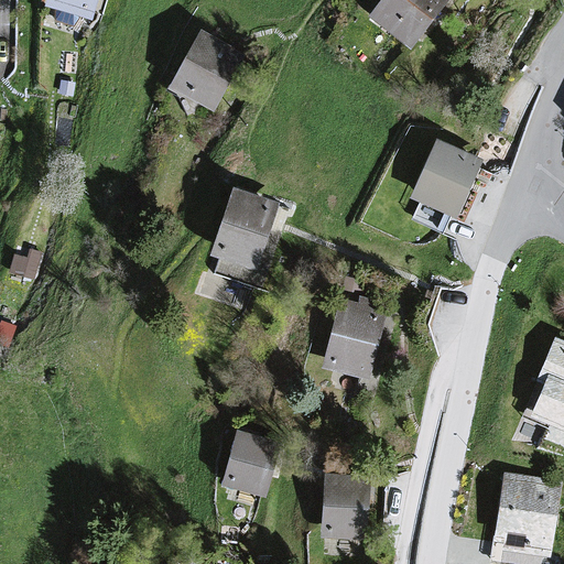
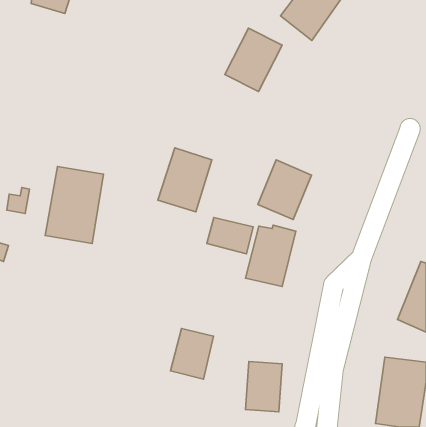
building: [170,31,245,113] -> [225,28,282,91]
building: [412,140,482,218] -> [258,160,312,220]
building: none -> [45,167,104,244]
building: none -> [207,217,253,254]

